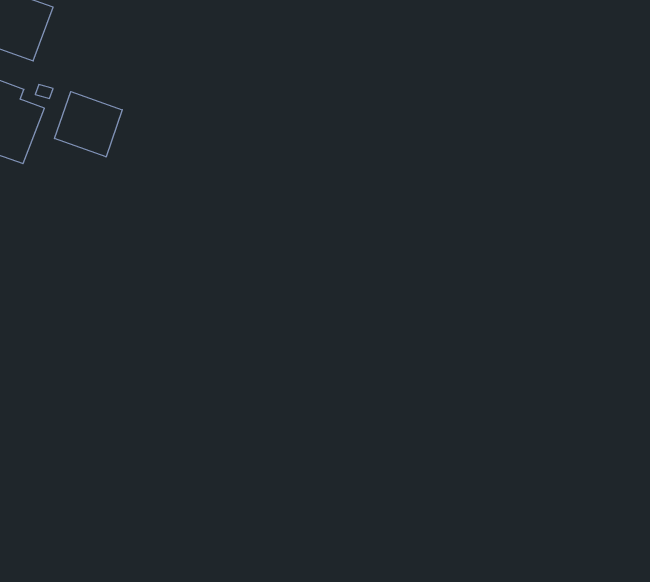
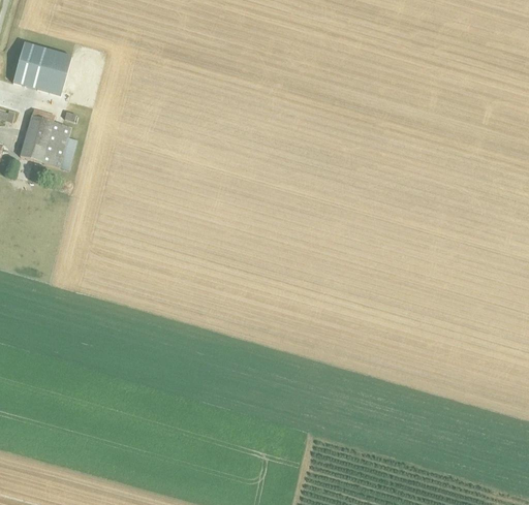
building: [55,92,122,157] -> none

